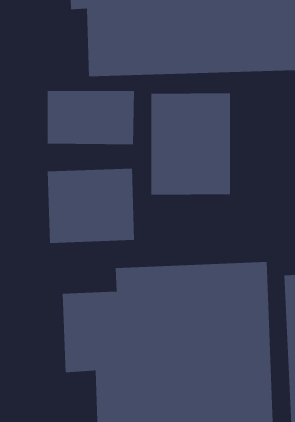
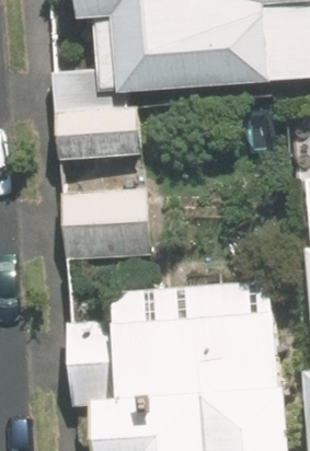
building: [151,93,231,196] -> none

